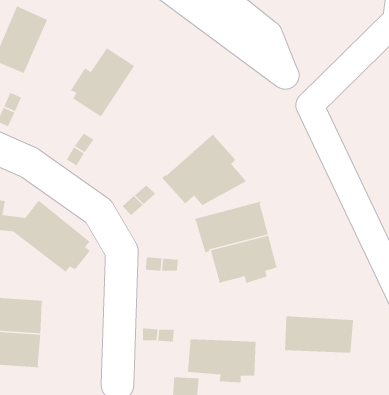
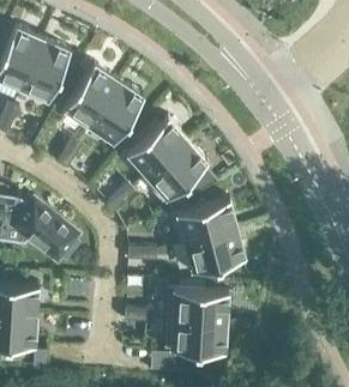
building: none -> [19,41,72,108]
building: none -> [90,81,145,144]
building: none -> [128,119,188,177]
building: [284,315,354,354] -> [168,290,229,323]

